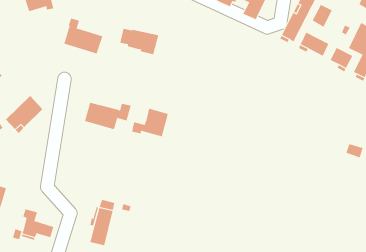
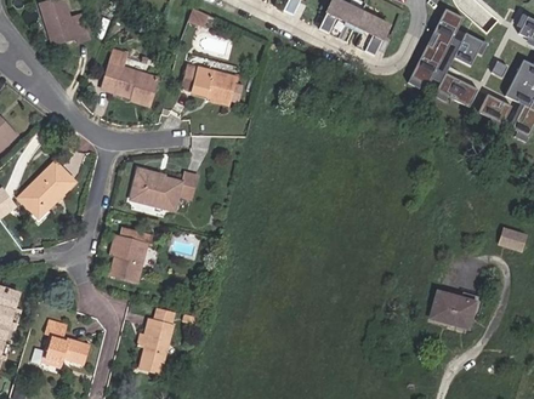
building: [131,108,169,137] -> none
building: none -> [110,227,155,280]
building: none -> [431,291,476,329]

